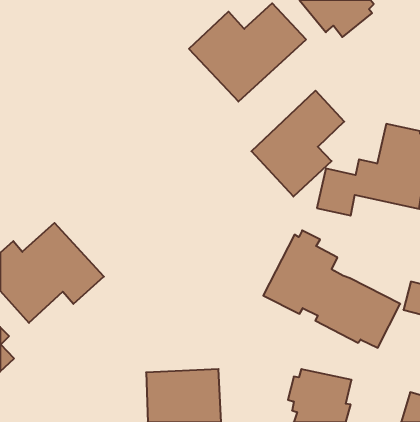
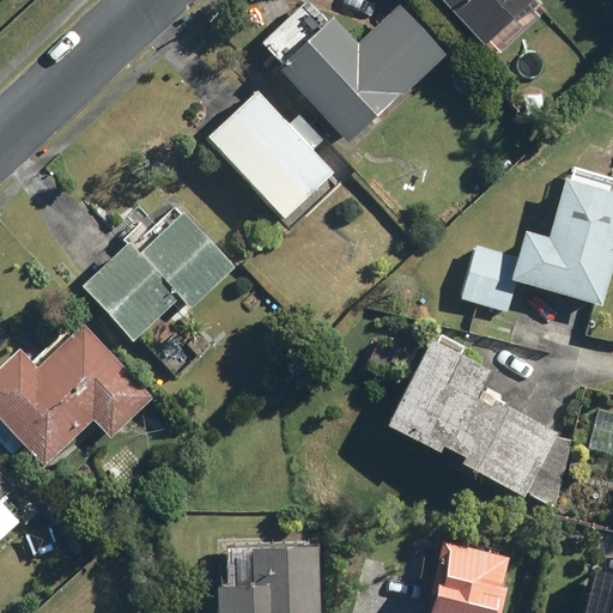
building: none -> [207,90,334,219]
building: [251,91,344,197] -> none
building: none -> [83,208,236,350]

